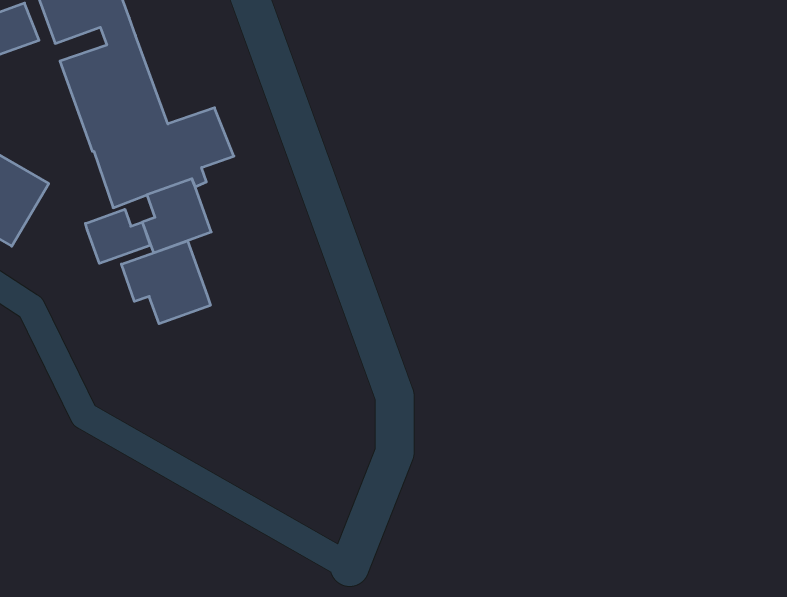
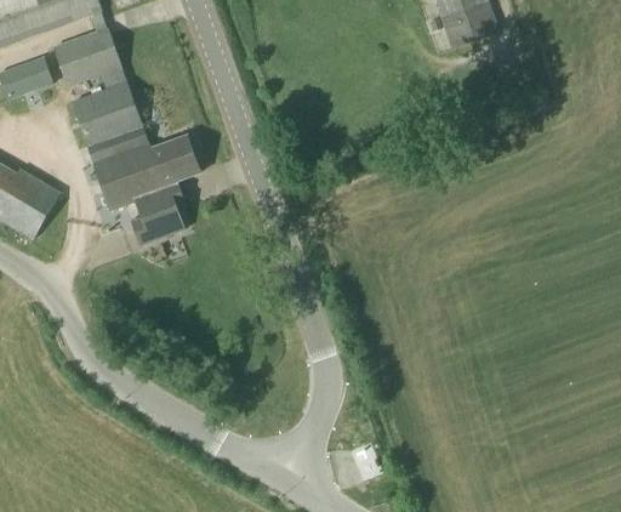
building: [85,209,150,263] -> none
building: [121,241,210,324] -> none

